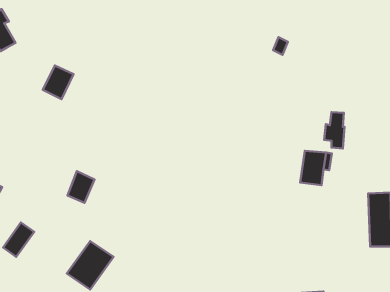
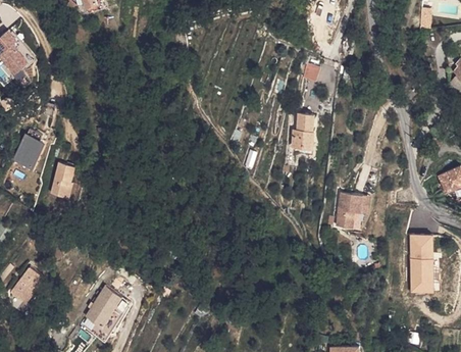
building: [43,66,74,99] -> [11,135,45,171]
building: [324,112,345,148] -> [291,114,313,154]
building: [68,171,95,203] -> [48,165,78,200]

